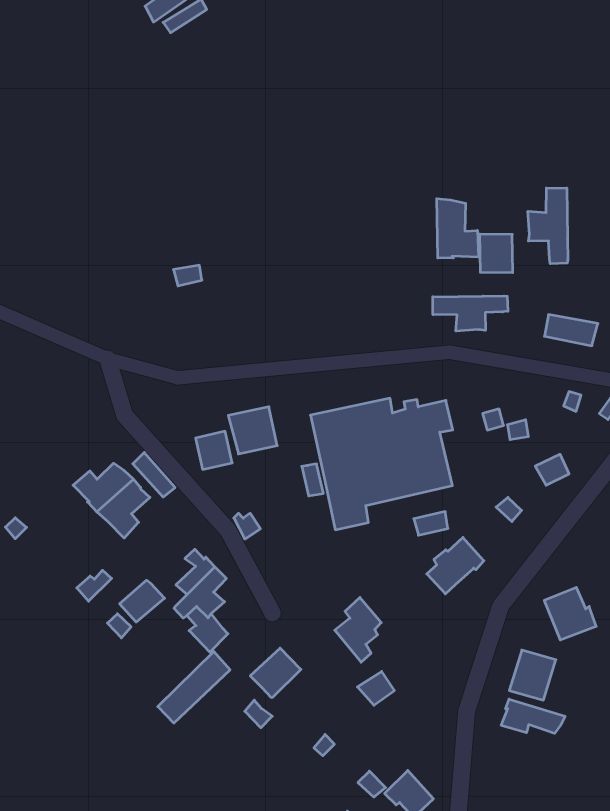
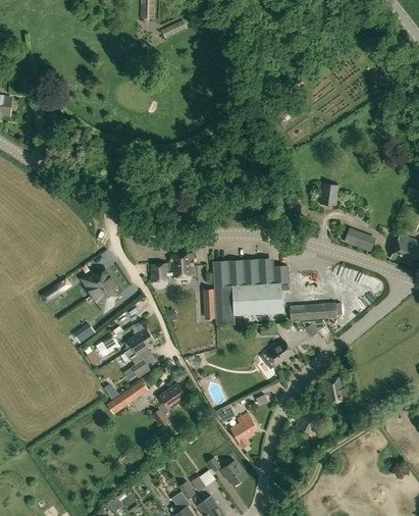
building: [528,188,568,264] -> none
building: [437,199,479,258] -> none
building: [433,296,508,331] -> none
building: none -> [290,303,328,321]
building: [335,597,381,662] -> [231,413,257,448]
building: [501,699,565,733] -> none

